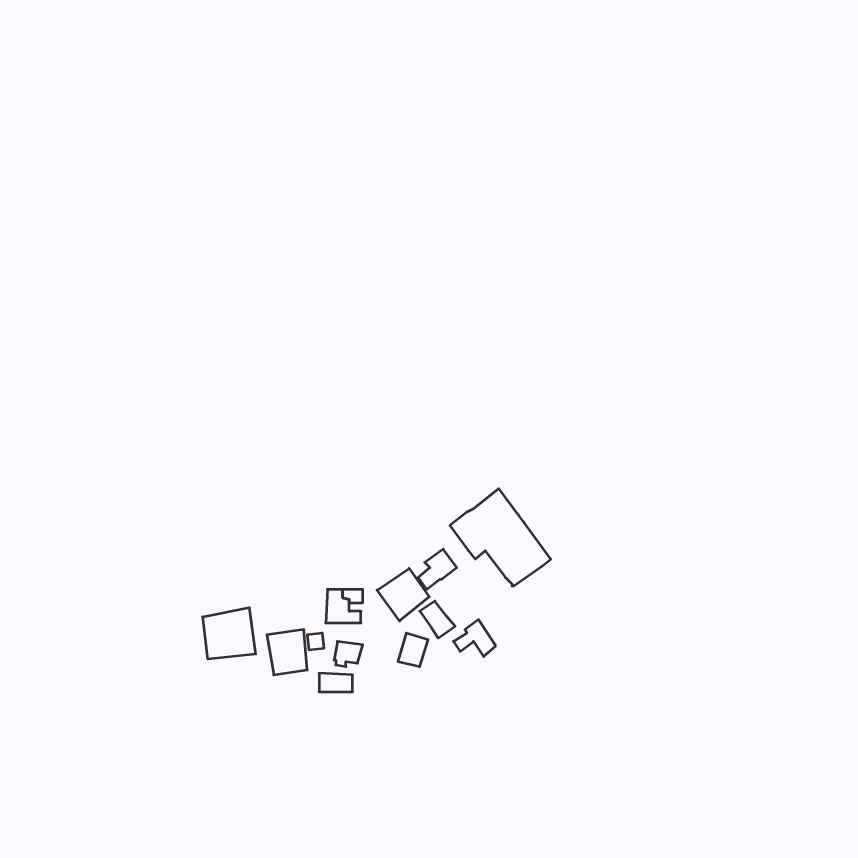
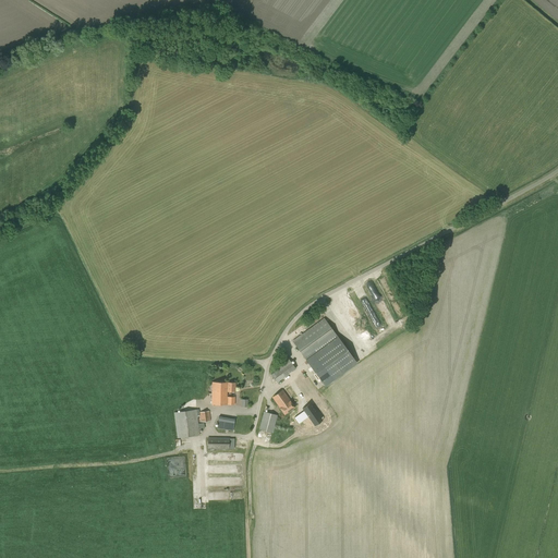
building: [377,568,429,621] -> none
building: [203,608,256,659] -> none

